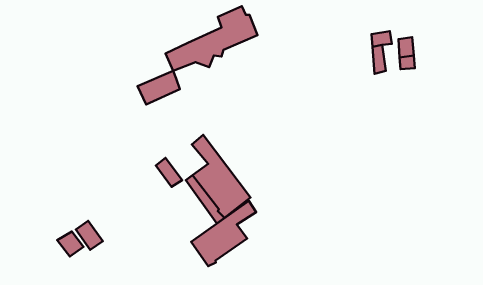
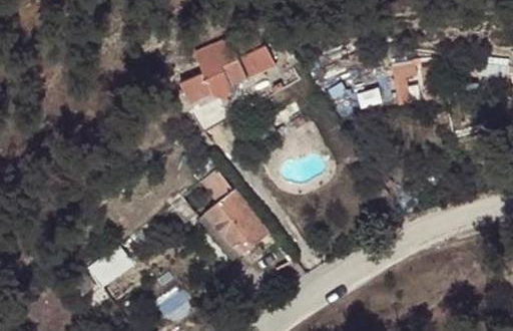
building: [137,71,180,105] -> [193,39,237,74]
building: [191,201,256,266] -> none

